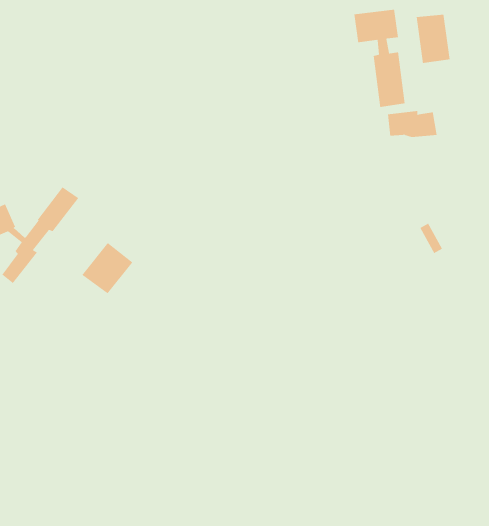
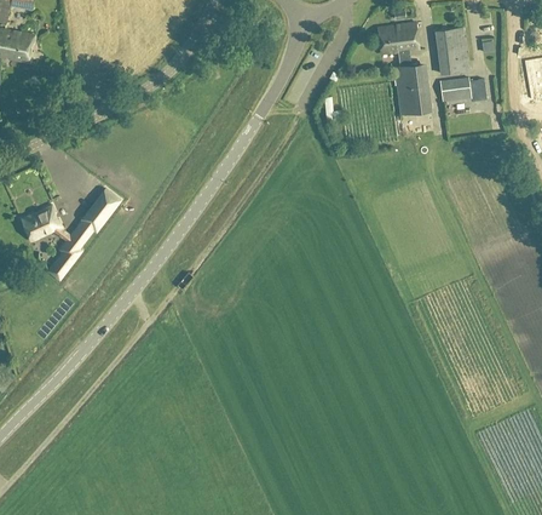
building: [387,110,437,138] -> [439,76,486,102]
building: [82,242,133,294] -> none

